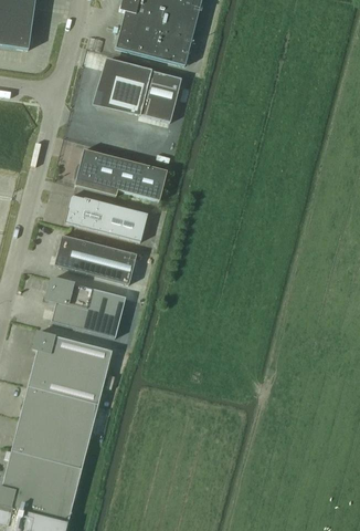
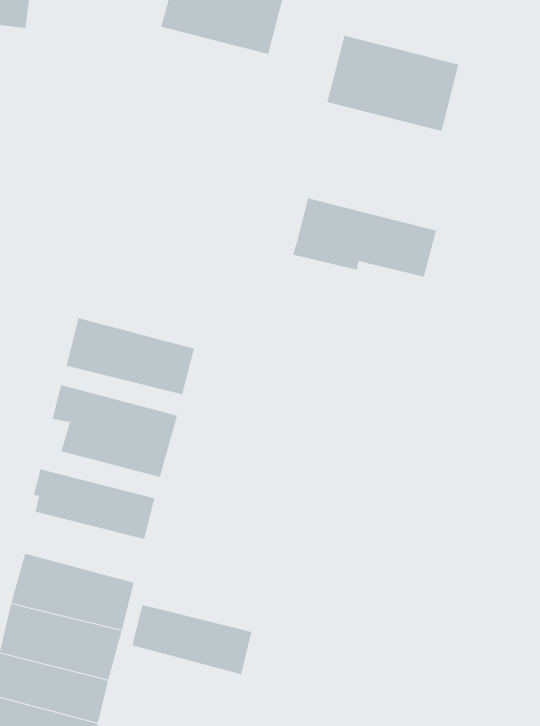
building: [96,59,181,121] -> [327,35,459,132]
building: [74,148,167,199] -> [292,198,437,277]
building: [65,194,148,240] -> none
building: [28,358,105,404] -> [132,604,252,675]

